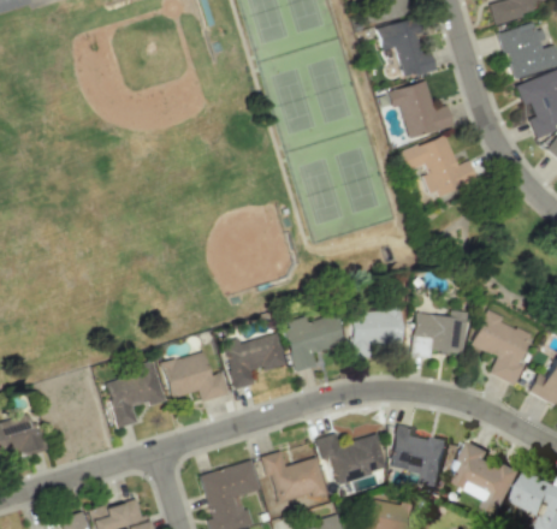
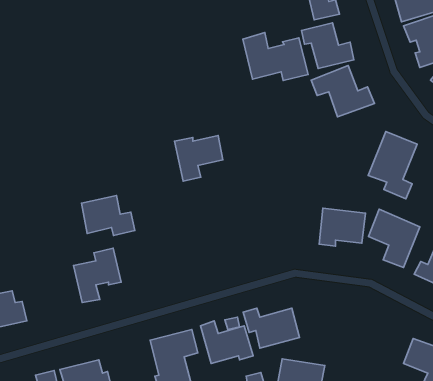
building: none -> [243,33,308,80]
building: none -> [368,131,417,199]
building: [351,310,402,357] -> none
building: [284,315,344,372] -> [174,135,223,181]
building: [223,334,285,390] -> none
building: [162,352,229,402] -> [81,196,135,235]
building: [390,426,451,487] -> none
building: [452,441,522,516] -> none

